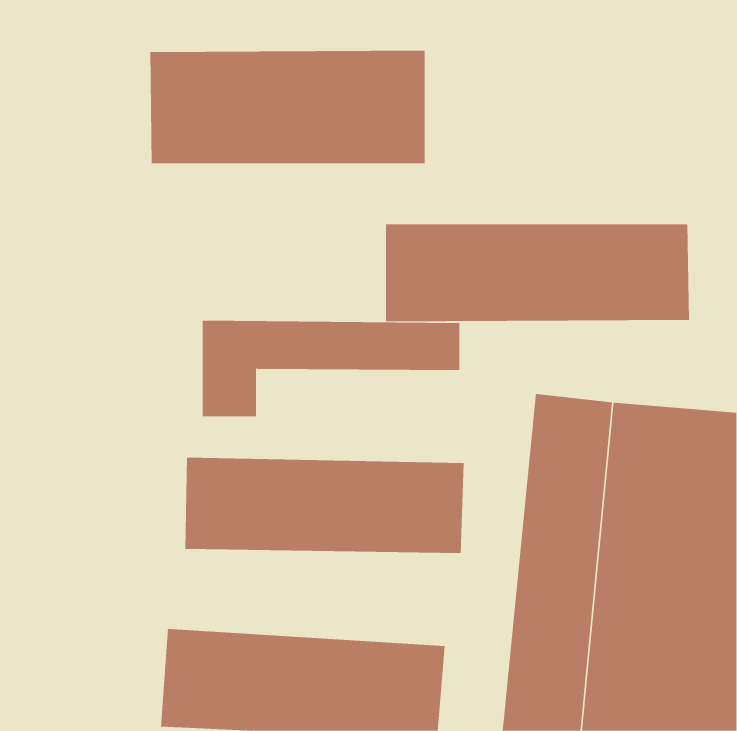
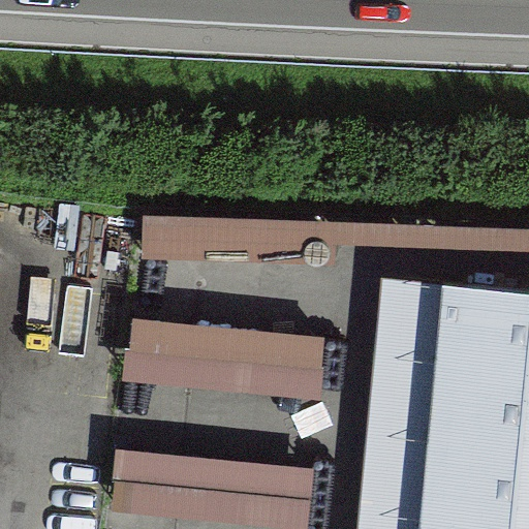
building: [150,50,425,164] -> none
building: [385,223,689,322] -> none

